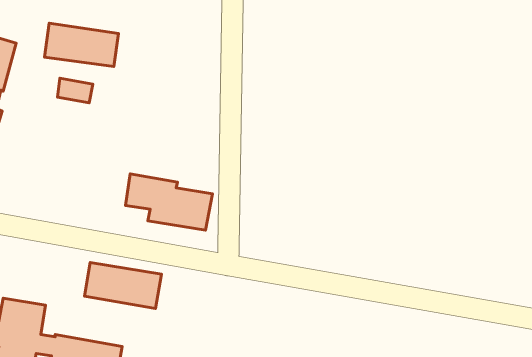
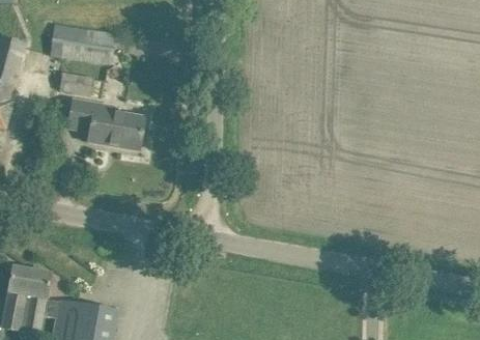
building: [126,174,213,230] -> [65,100,142,149]
building: [84,263,162,309] -> none

